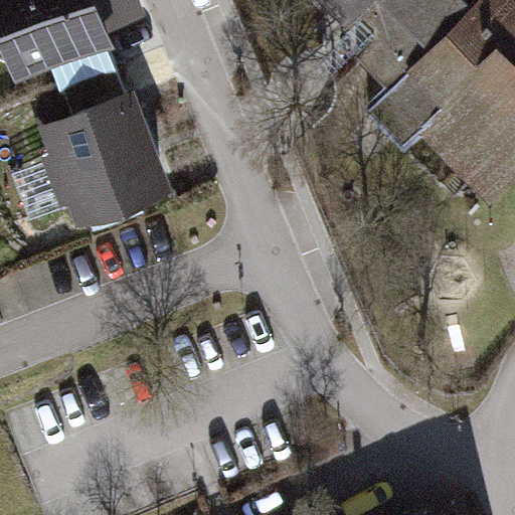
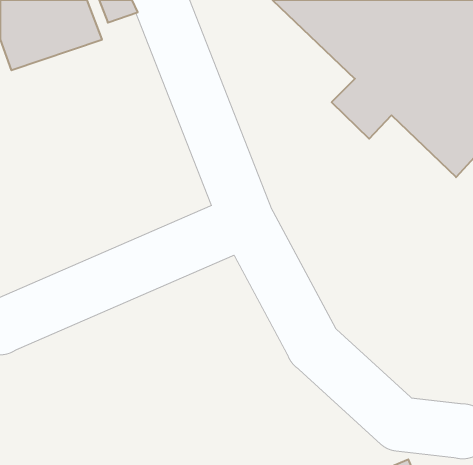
building: [45,106,171,229] -> none

